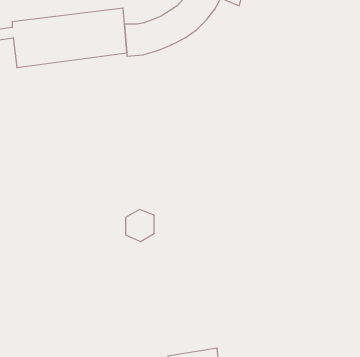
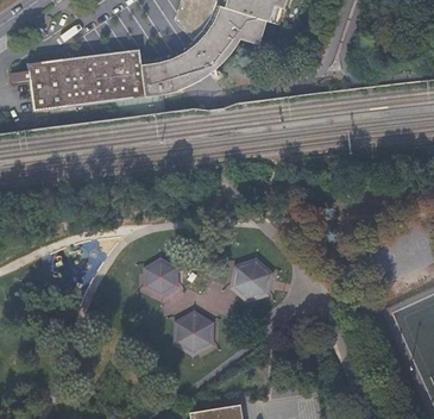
building: none -> [231,258,270,299]
building: none -> [174,309,212,352]

